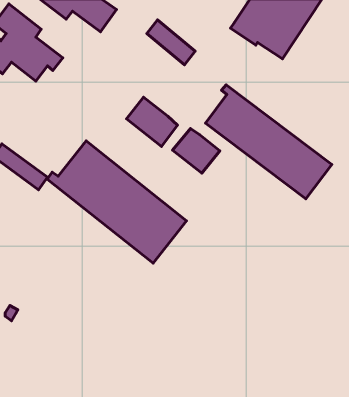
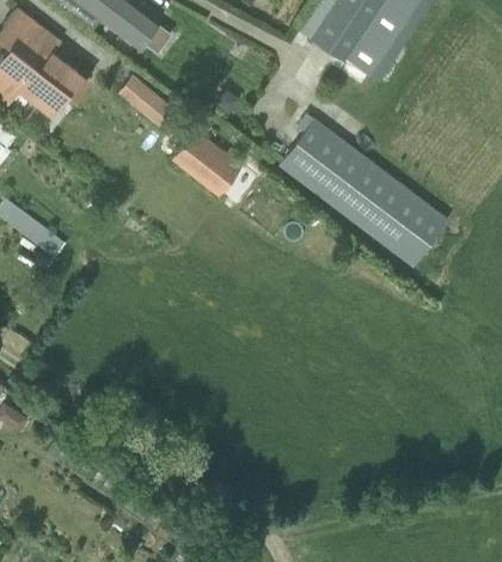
building: [147,20,195,65] -> [120,73,184,133]
building: [173,129,220,173] -> none
building: [47,141,186,263] -> none

